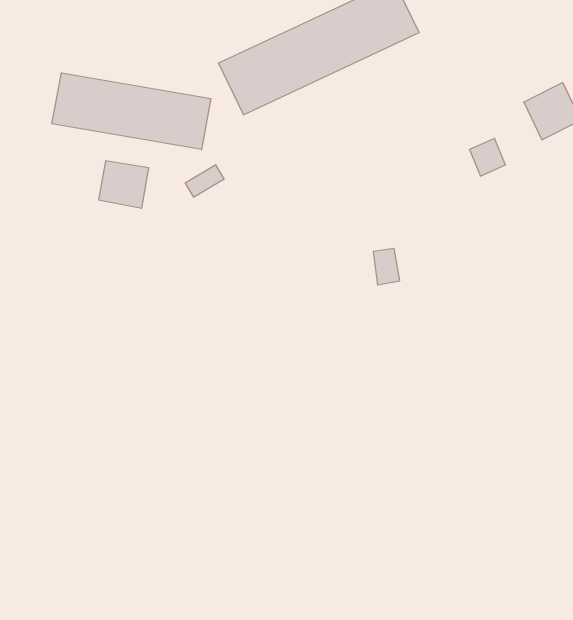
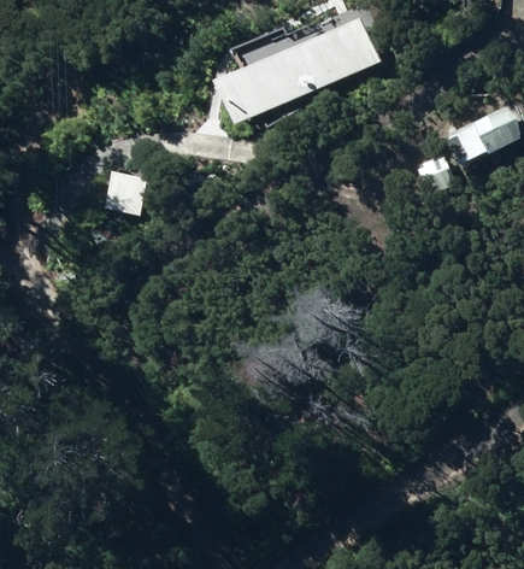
building: [52,73,211,150] -> none

